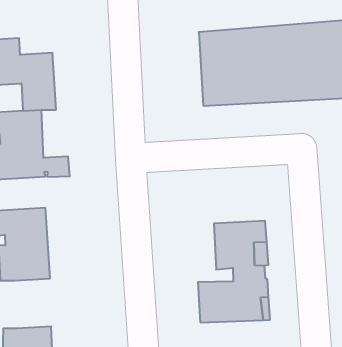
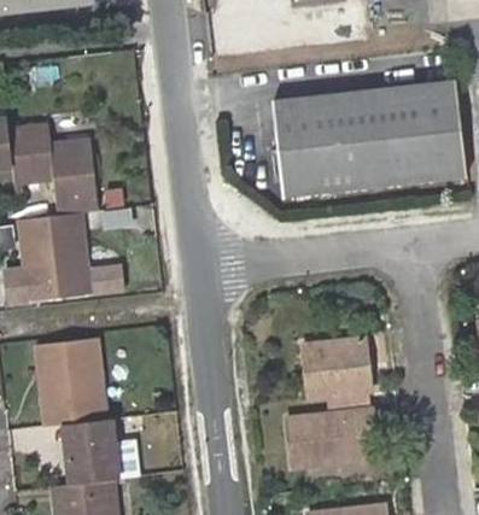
building: none -> [62,416,117,481]

